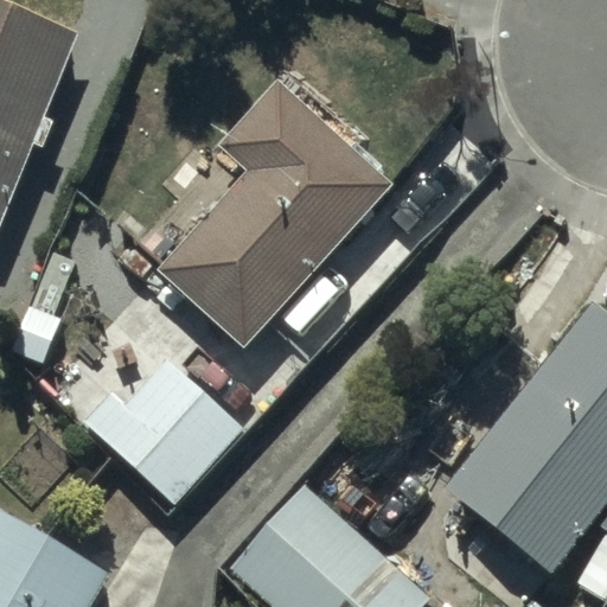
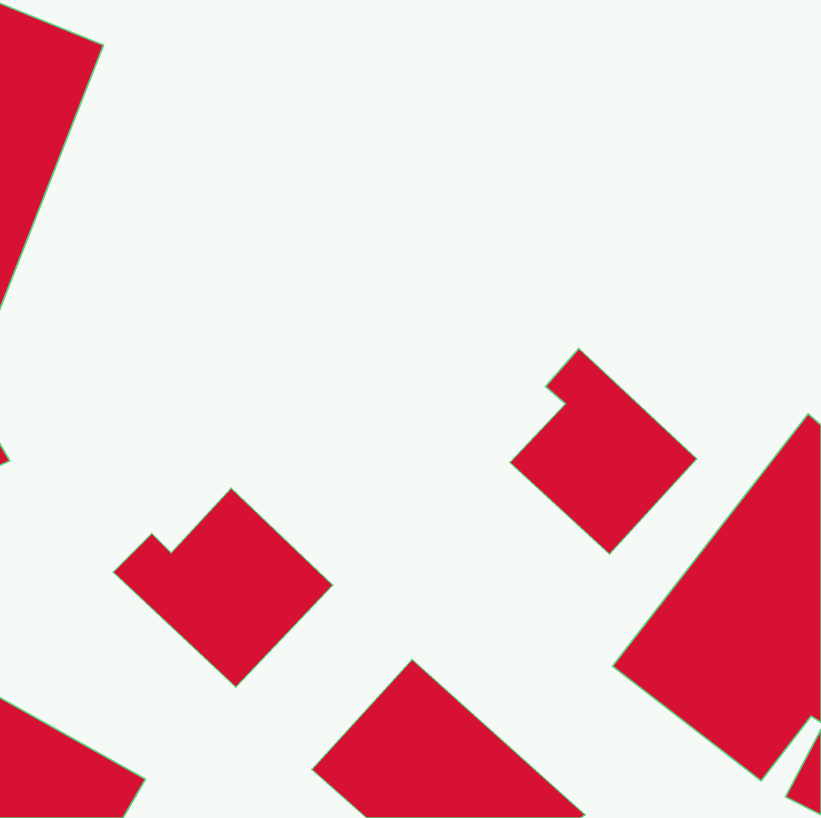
building: [160,82,391,345] -> none
building: none -> [510,348,697,554]

